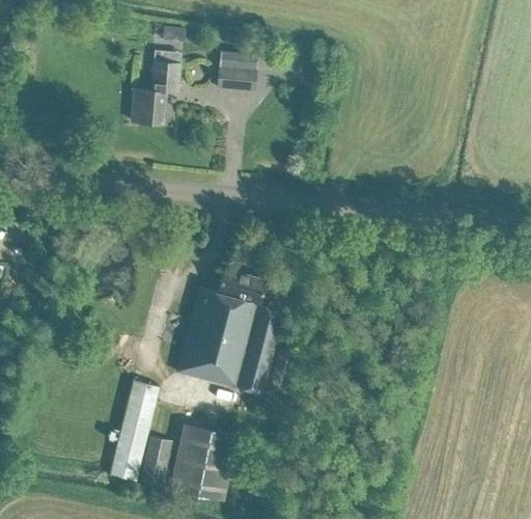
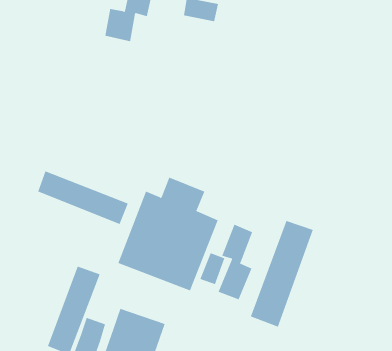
building: none -> [38,171,129,225]
building: none -> [250,220,314,327]
building: none -> [218,224,253,300]

